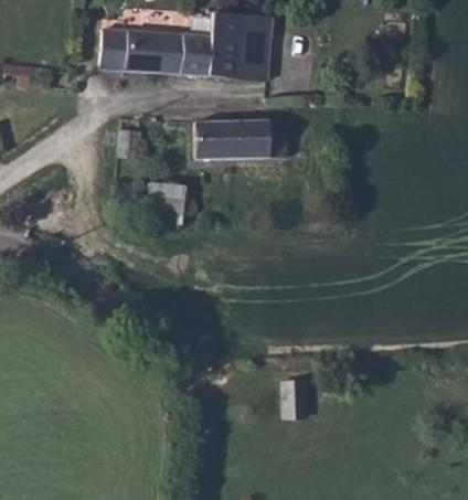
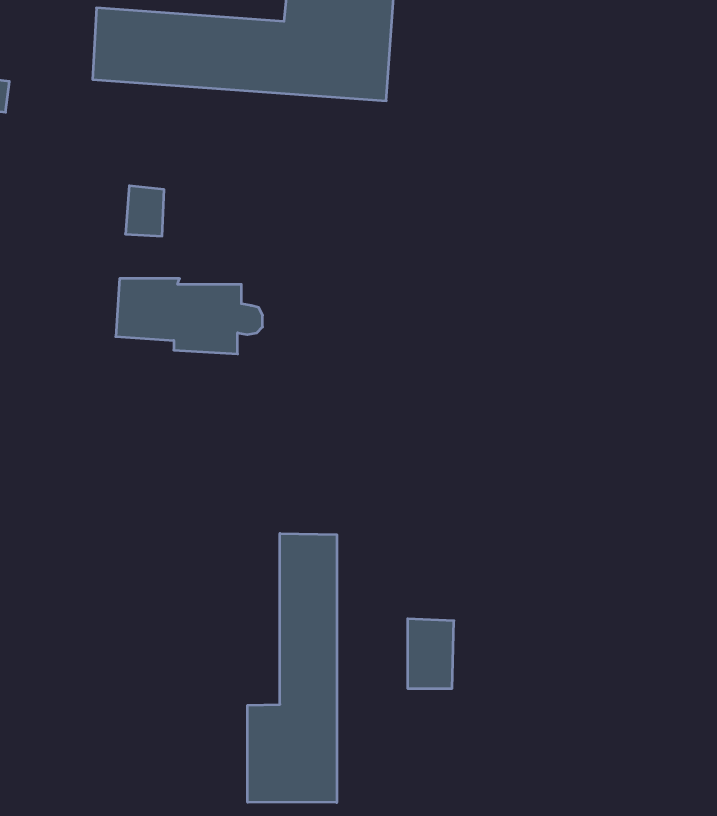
building: [194,118,286,158] -> none
building: none -> [248,533,337,803]

